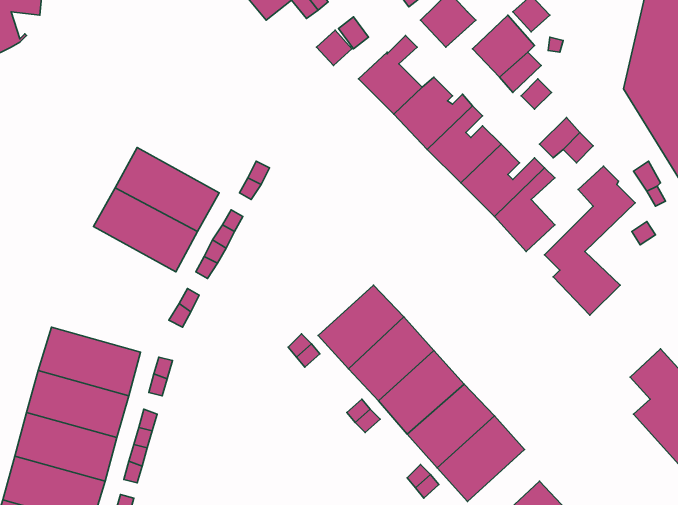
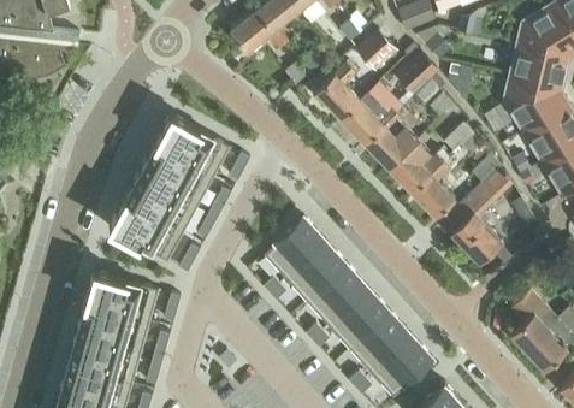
building: none -> [155,114,230,176]
building: none -> [108,200,183,261]
building: none -> [264,218,325,278]

